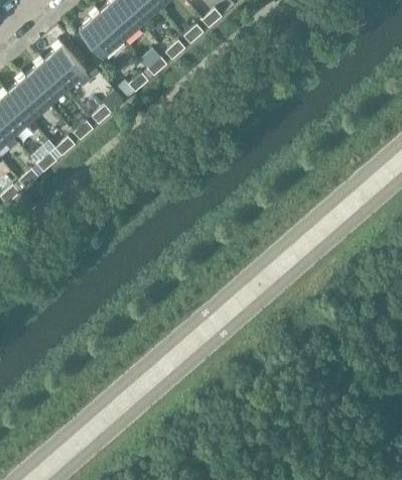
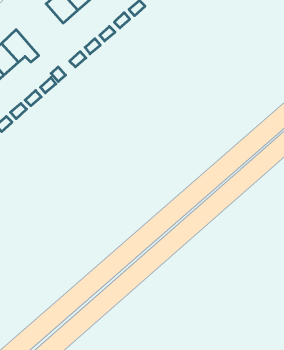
building: [81,13,121,53] -> none

